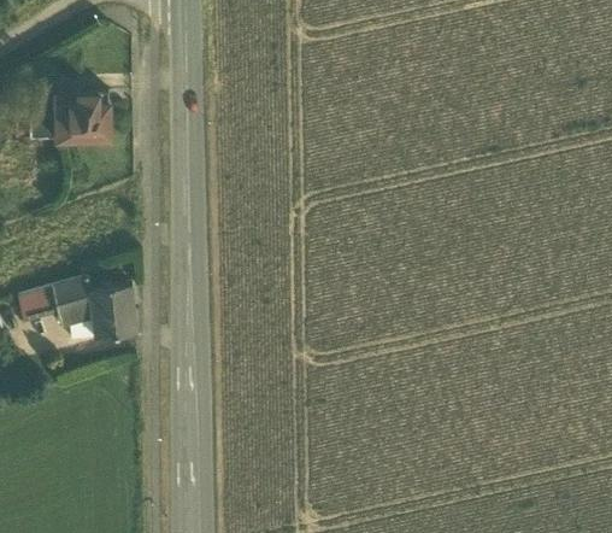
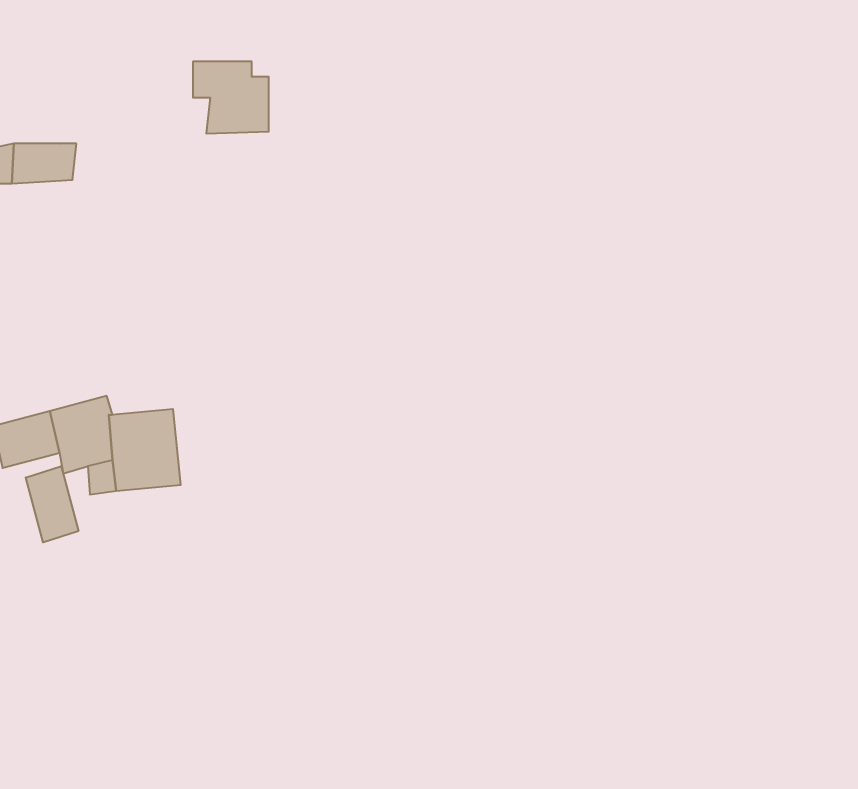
building: [59,90,107,136] -> [193,62,269,134]
building: none -> [26,466,78,542]

